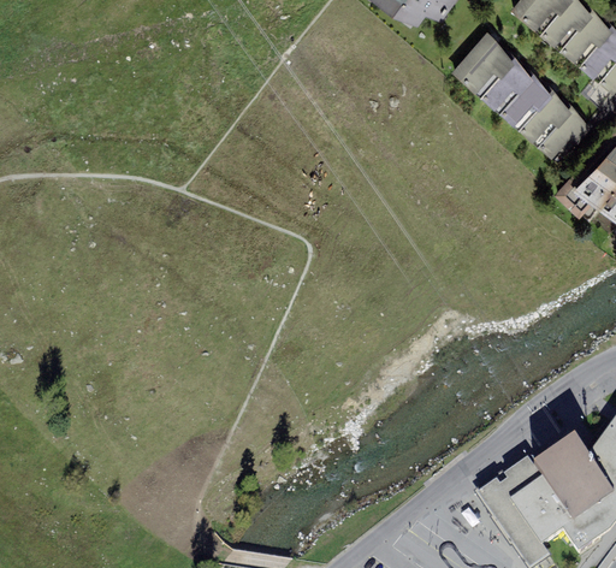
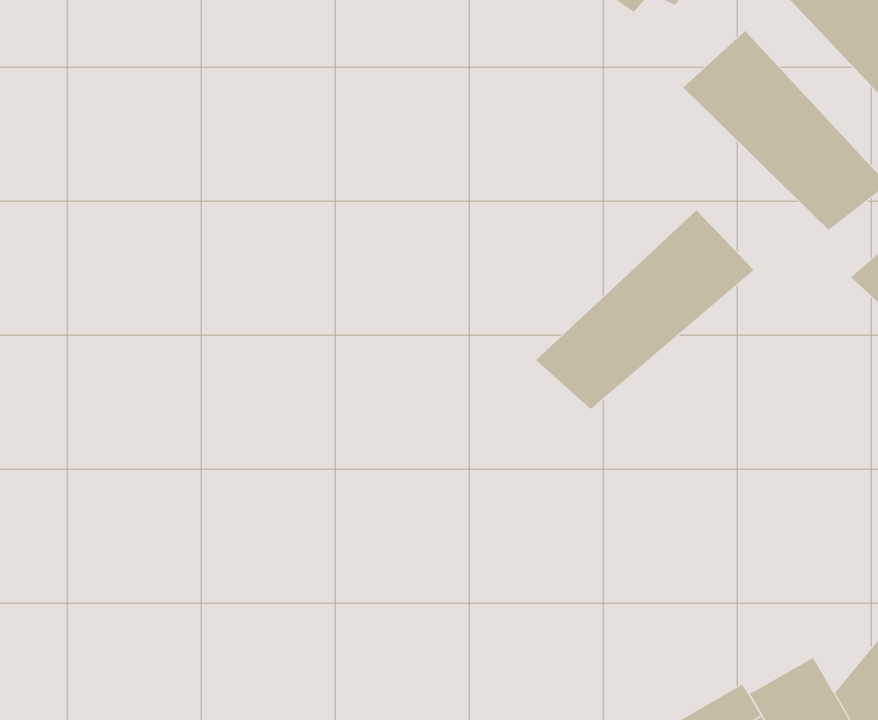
building: none -> [535,210,754,410]

